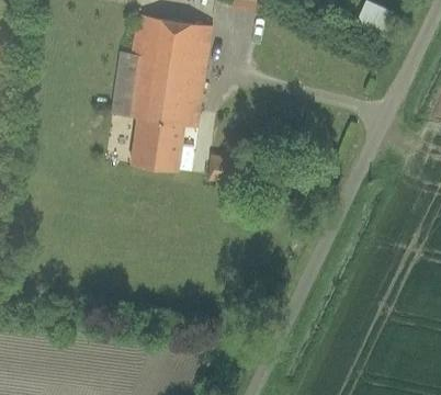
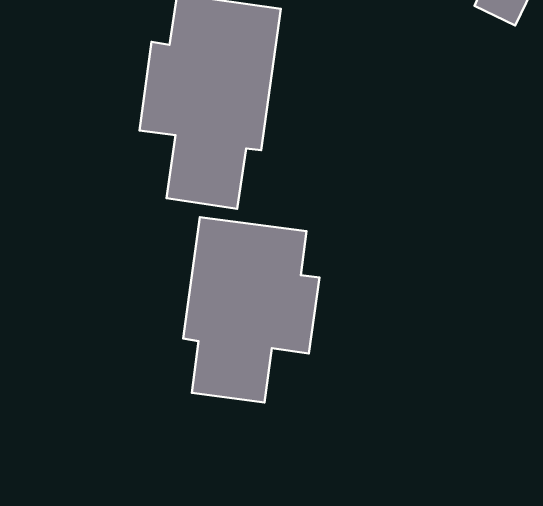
building: none -> [183,217,320,402]

